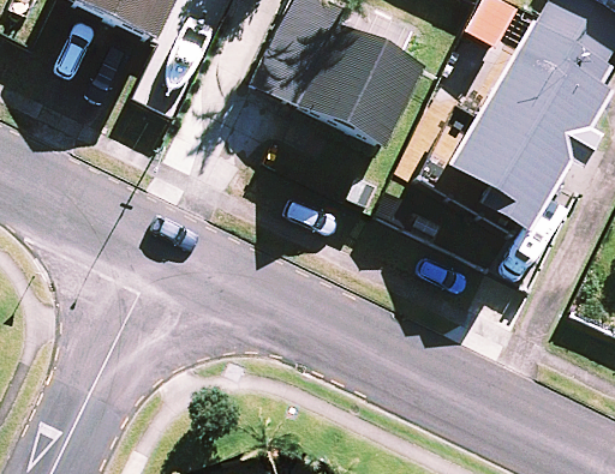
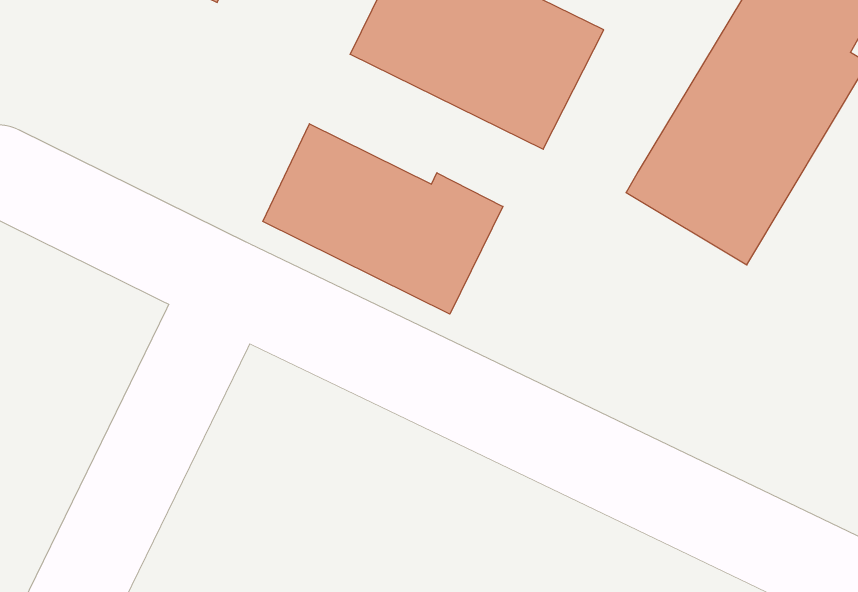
building: none -> [263,124,503,314]

